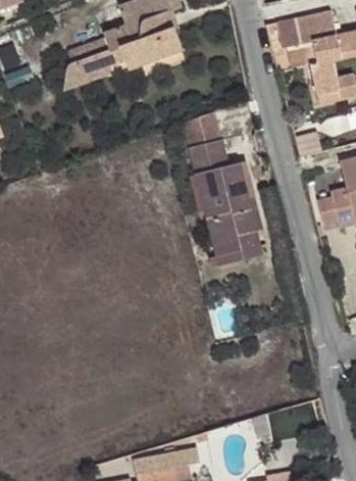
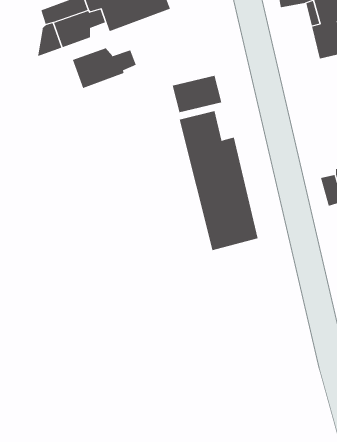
building: none -> [72,47,136,89]

